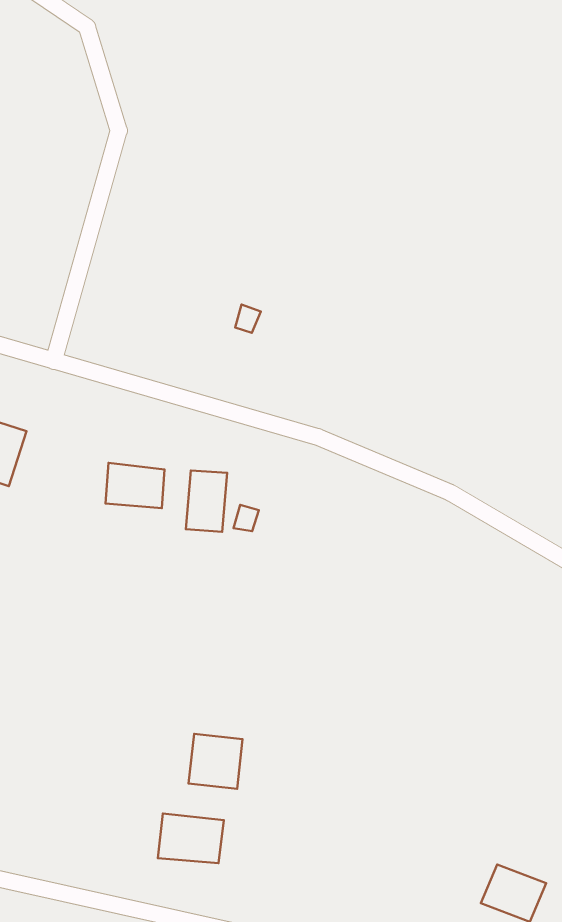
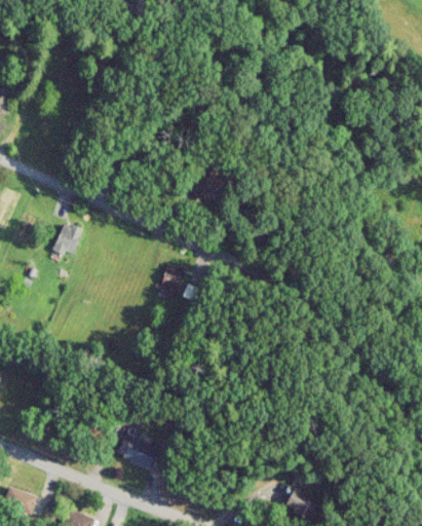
building: [105,463,165,508] -> none
building: [189,734,242,789] -> none

